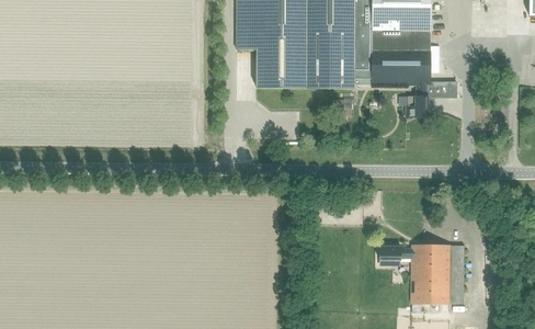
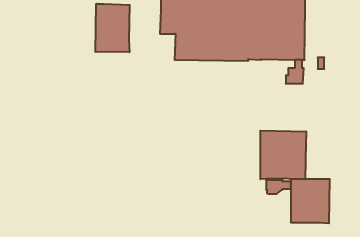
building: none -> [95,4,130,52]
building: none -> [260,131,306,179]

